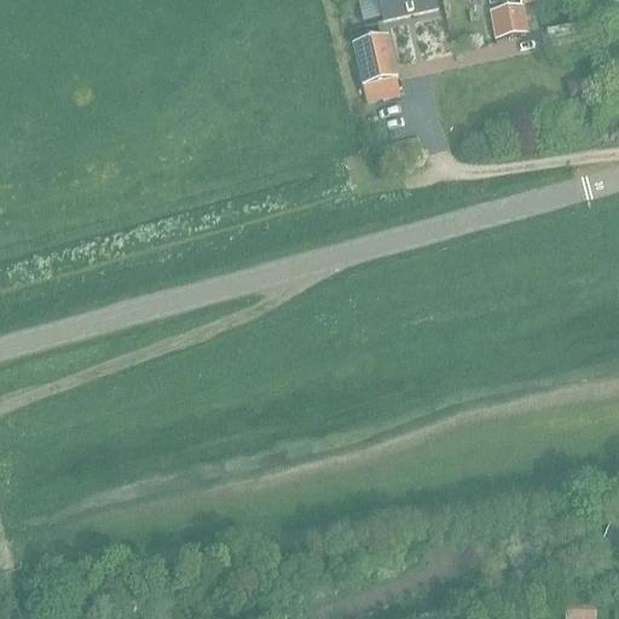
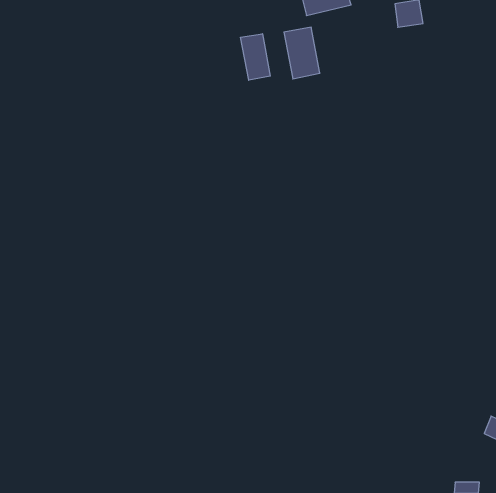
building: none -> [241,34,270,80]

